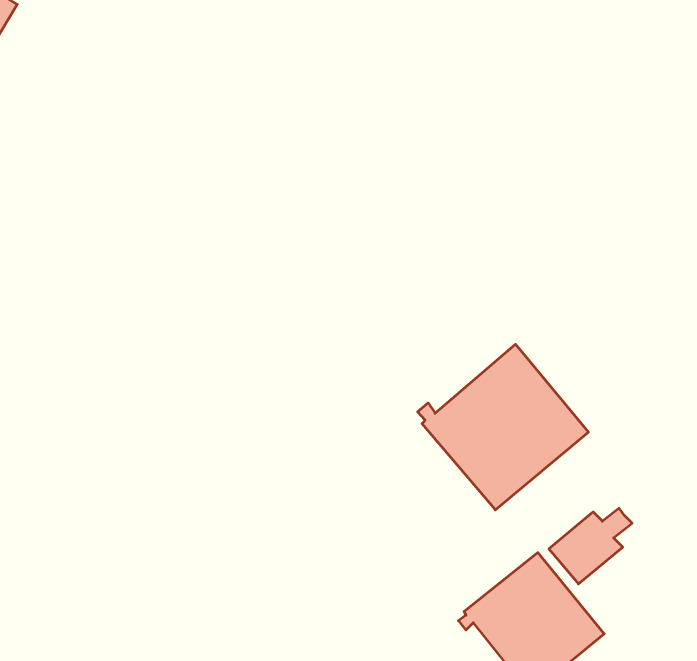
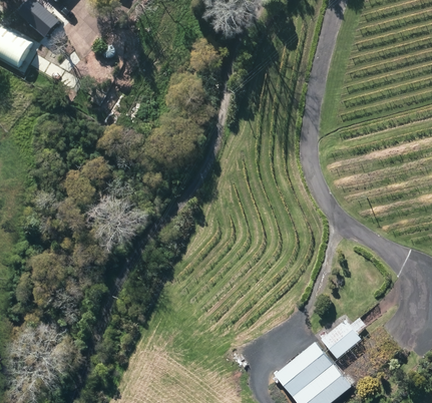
building: [418,344,588,510] -> none

